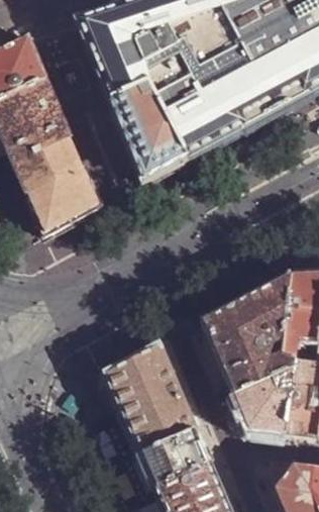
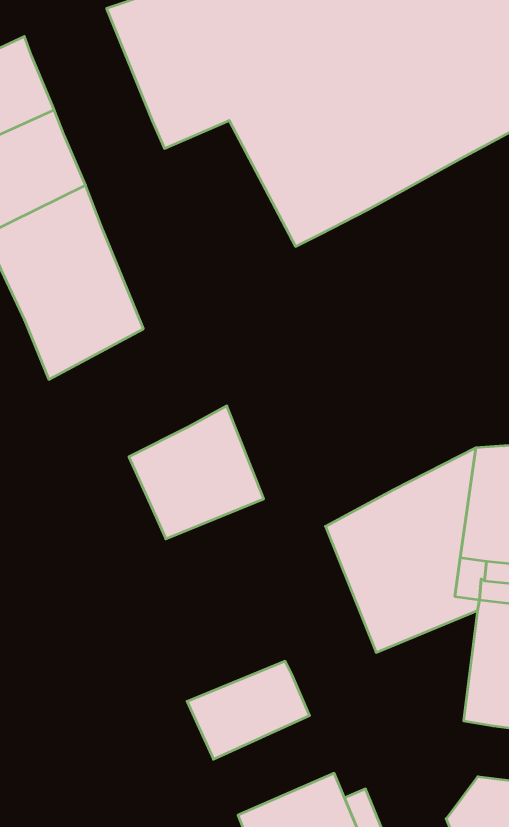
building: [111,84,187,180] -> none
building: [103,342,181,419] -> [129,406,264,539]
building: [233,367,292,430] -> none
building: [139,427,209,485] -> none

